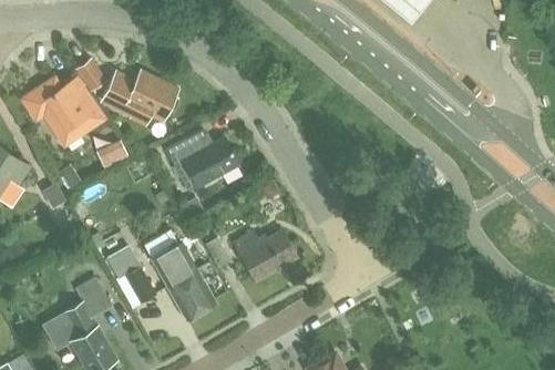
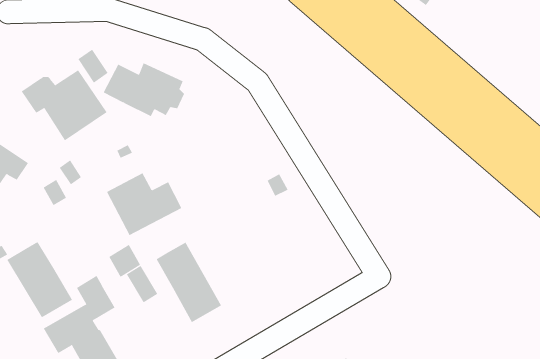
building: [165,130,238,191] -> [106,172,182,236]
building: [235,232,296,280] -> none
building: none -> [7,241,73,318]

